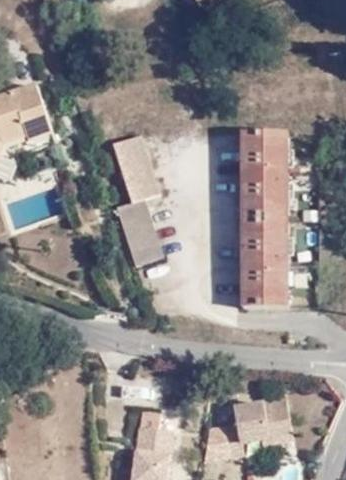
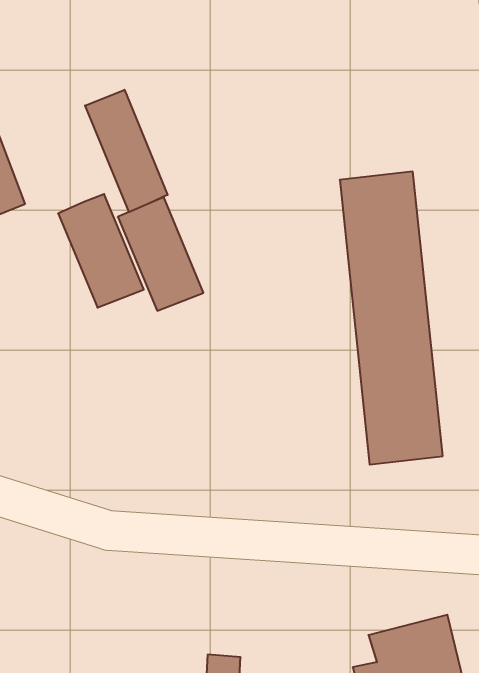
building: none -> [85,90,168,212]
building: [107,198,156,267] -> [58,194,144,308]

